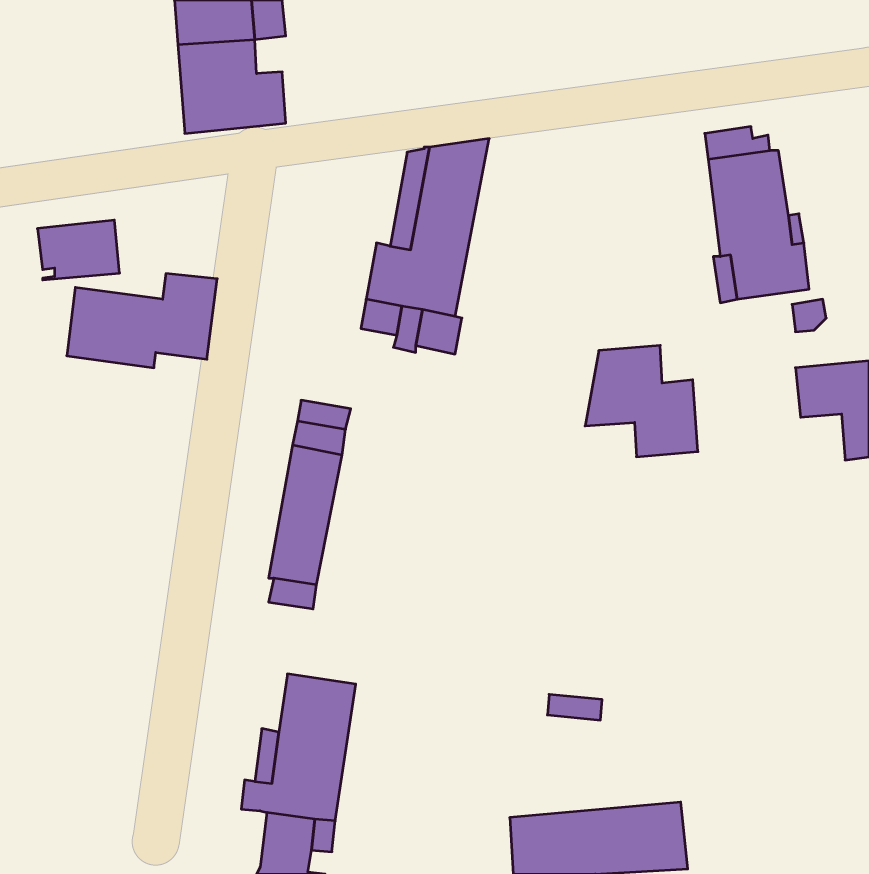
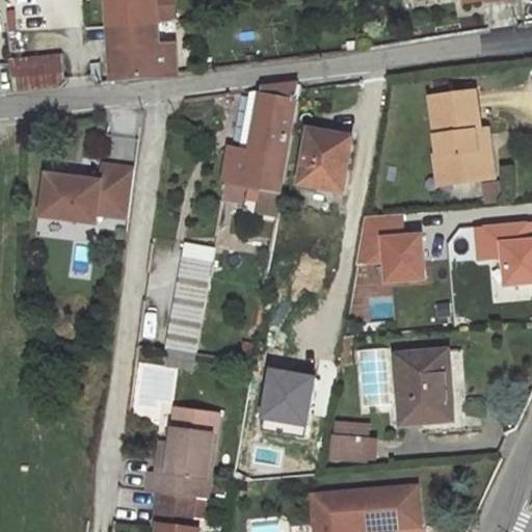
building: none -> [297,129,350,190]
building: [37,220,120,280] -> [7,55,57,91]
building: none -> [394,351,452,425]
building: none -> [262,368,315,435]
building: none -> [327,434,372,460]

